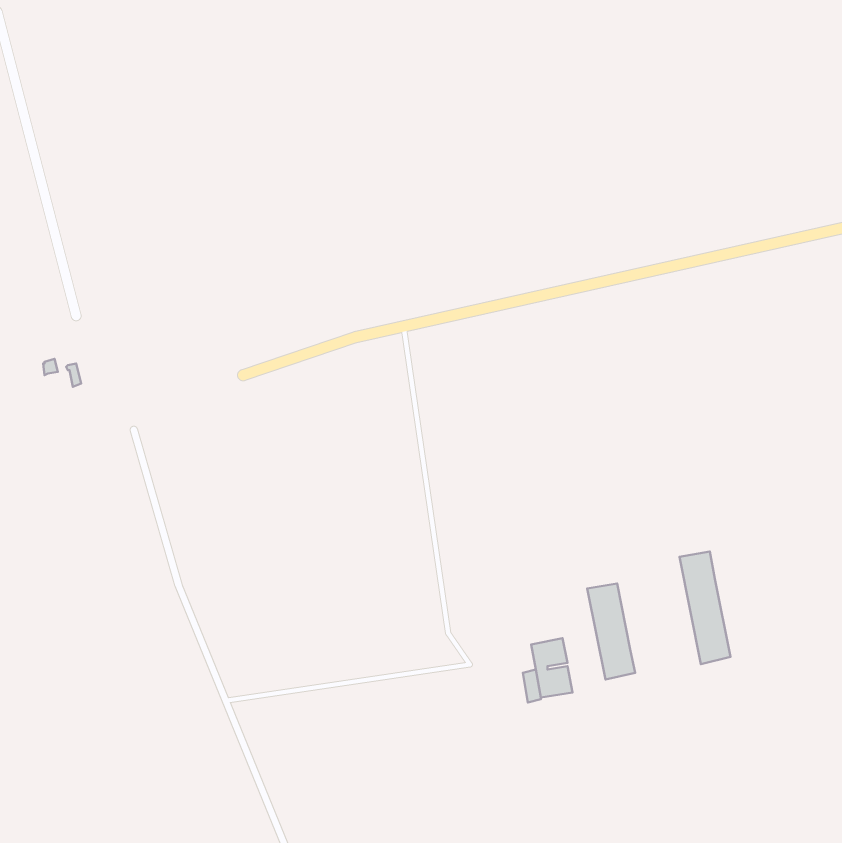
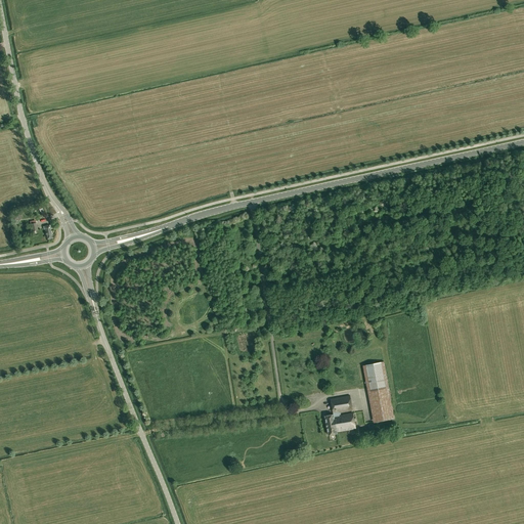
building: [679,552,730,664] -> none

